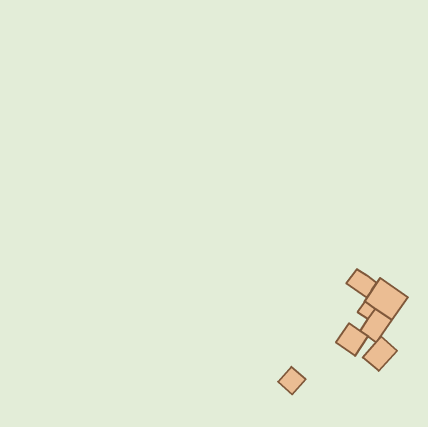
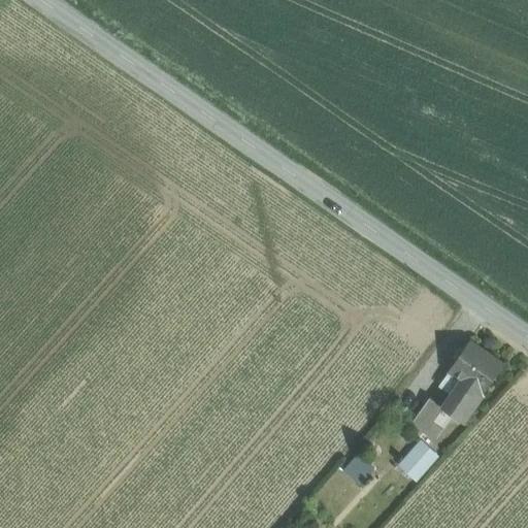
building: [346,269,377,297] -> none
building: [363,337,397,371] -> [397,439,439,482]

